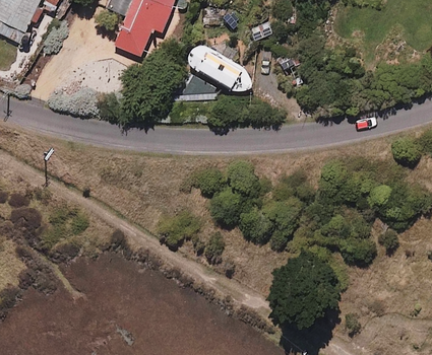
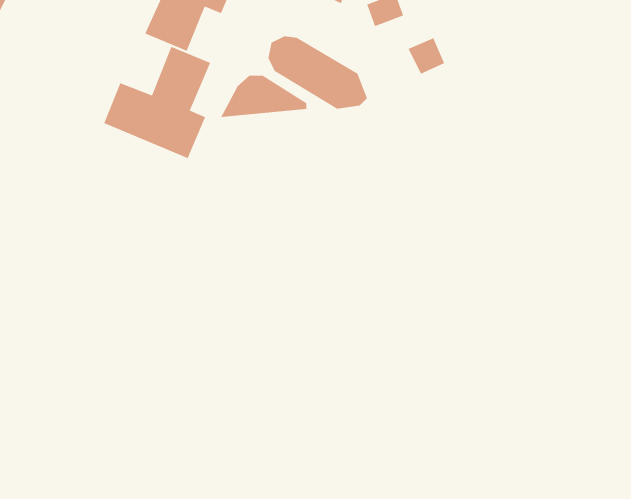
building: none -> [103,46,211,159]

